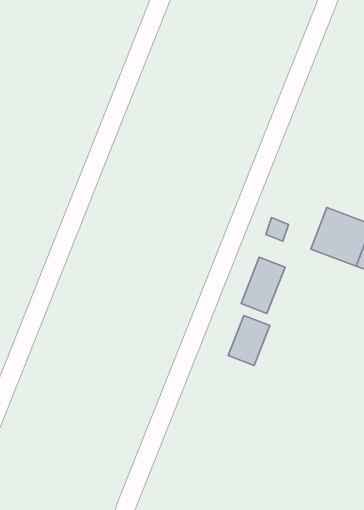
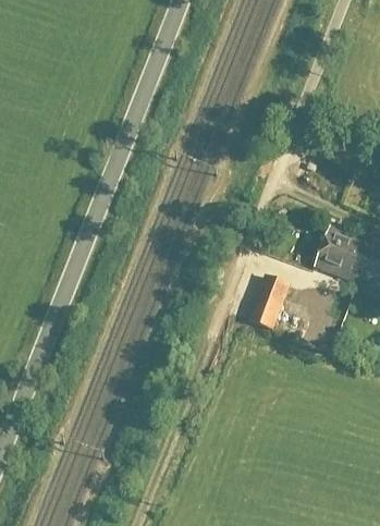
building: [228,315,270,366] -> none

